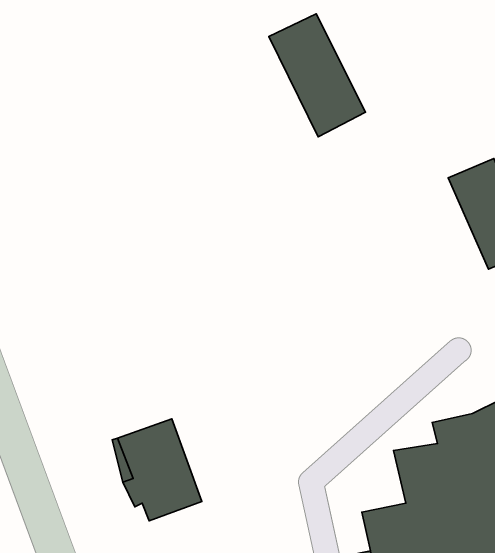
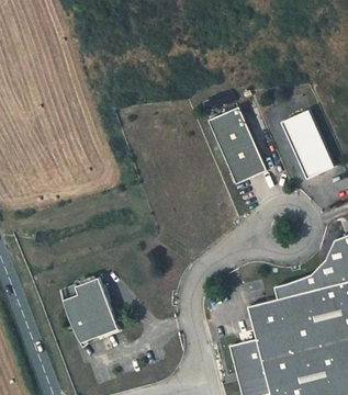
building: [269,14,365,137] -> [207,112,268,189]

